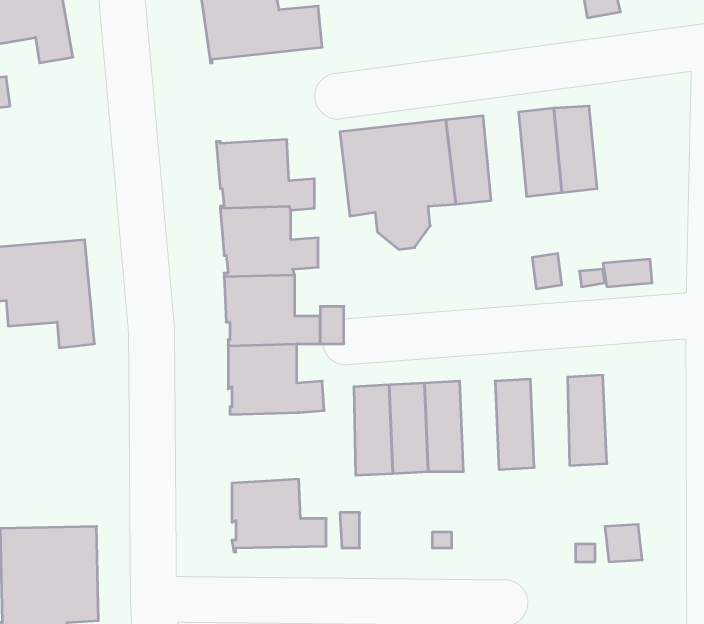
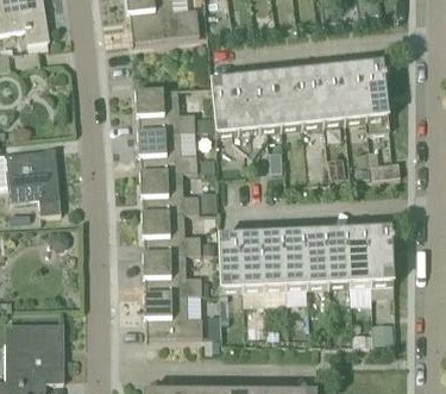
building: none -> [362,64,389,131]
building: none -> [297,70,323,124]
building: none -> [370,230,394,283]
building: none -> [326,231,350,286]
building: none -> [283,233,307,288]
building: none -> [144,252,201,295]

